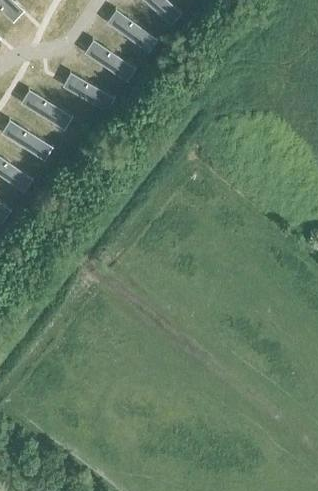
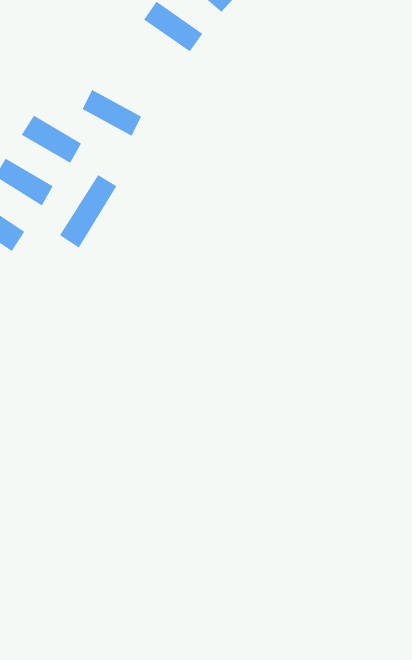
building: [90,44,132,79] -> none
building: none -> [59,174,117,249]

